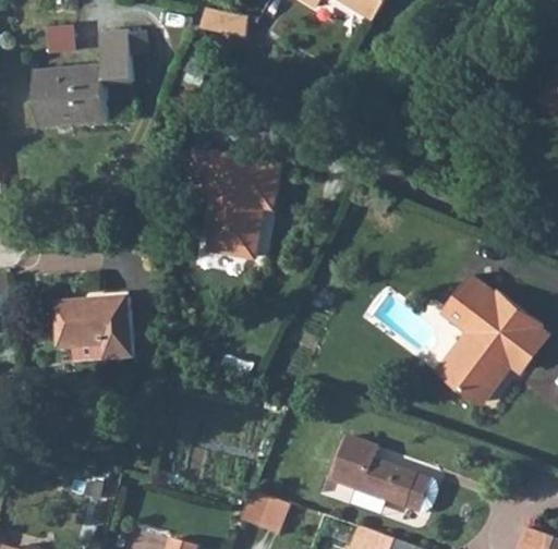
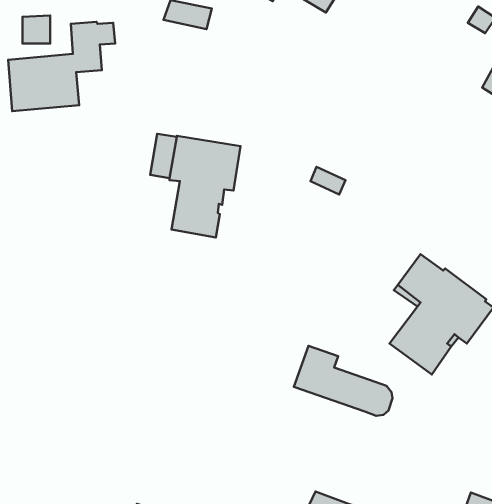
building: [54,298,133,364] -> none
building: [330,436,435,510] -> [294,346,393,416]
building: [241,490,290,535] -> none

